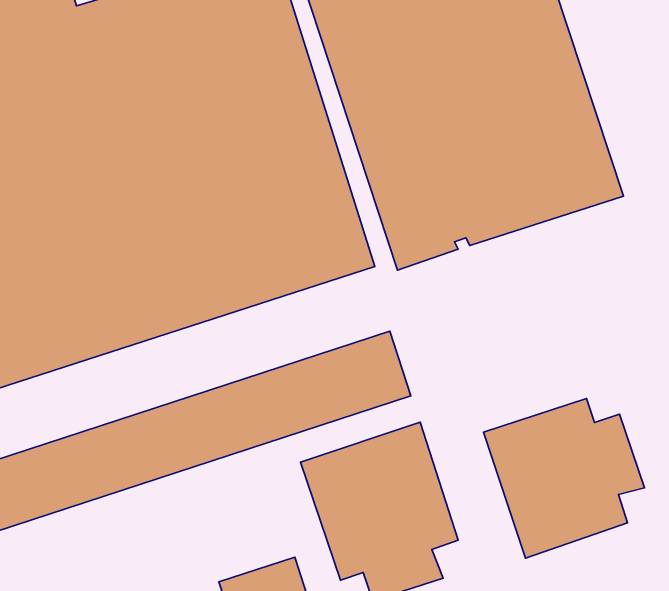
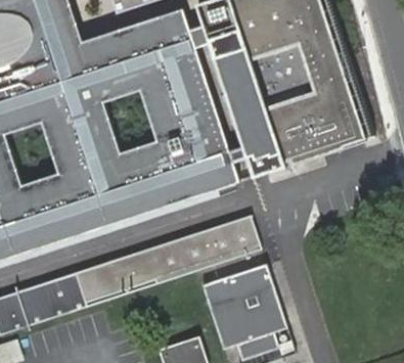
building: [484,399,644,558] -> none

